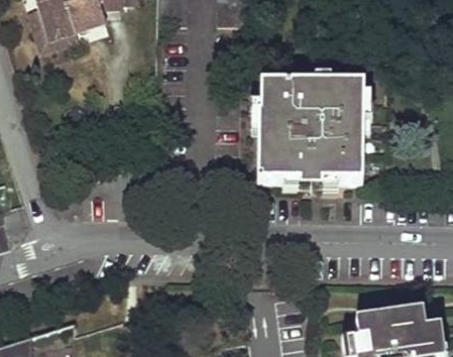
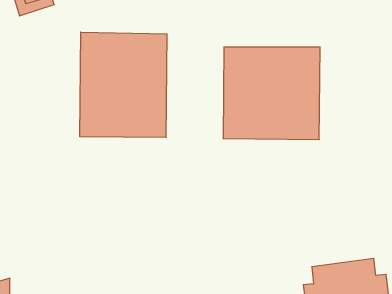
building: none -> [80,32,167,138]

